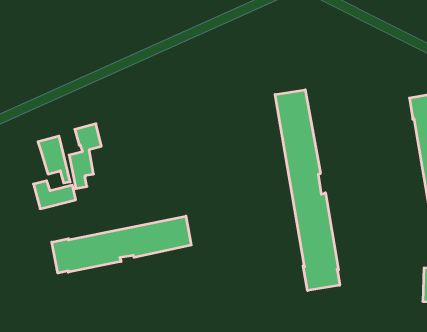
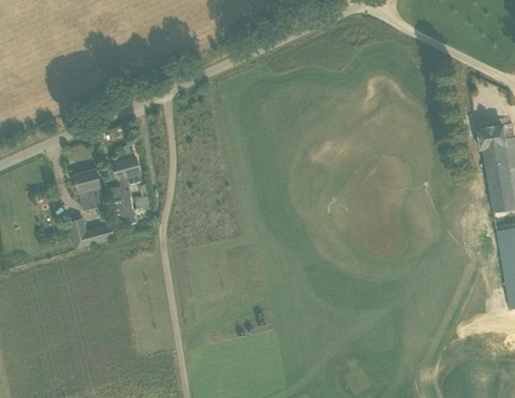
building: [275,90,340,291] -> none
building: [52,216,191,273] -> none

